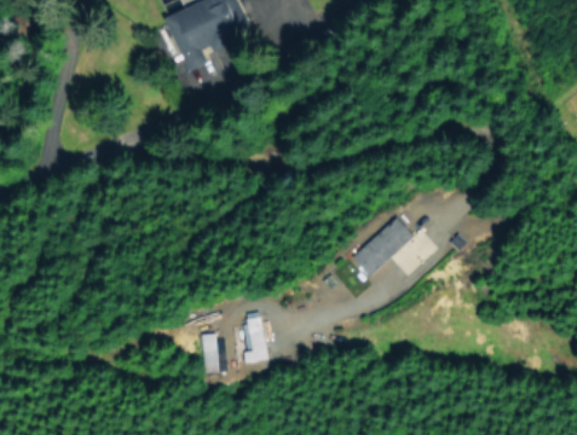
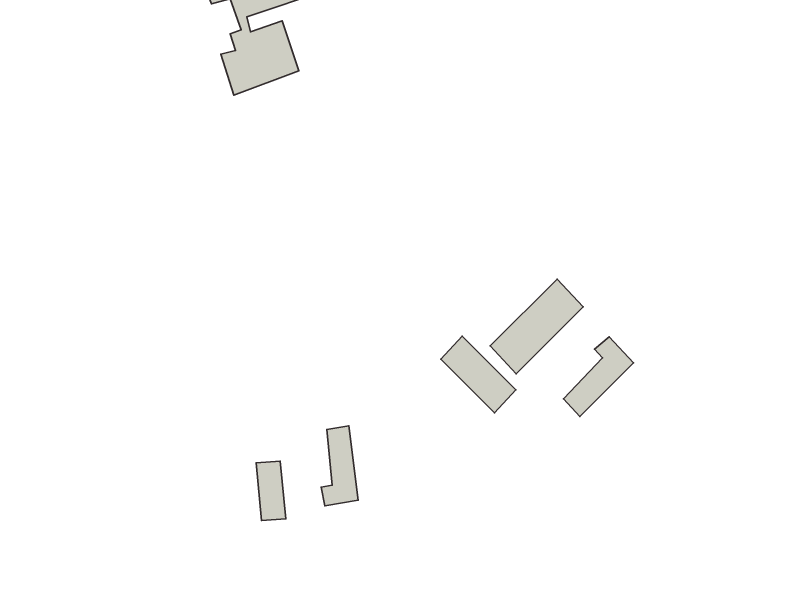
building: none -> [441,336,516,413]
building: none -> [564,337,633,416]

